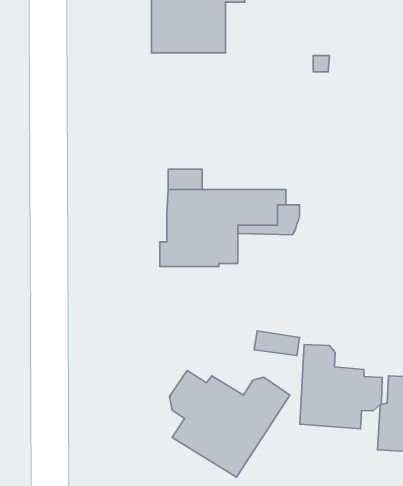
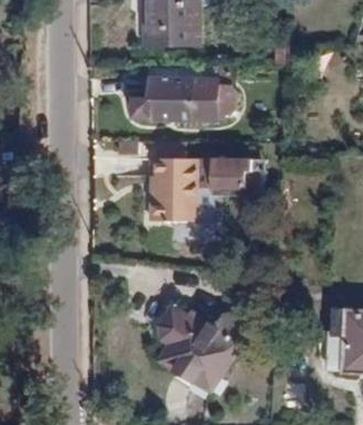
building: none -> [135,77,238,120]
building: [300,345,382,429] -> none

